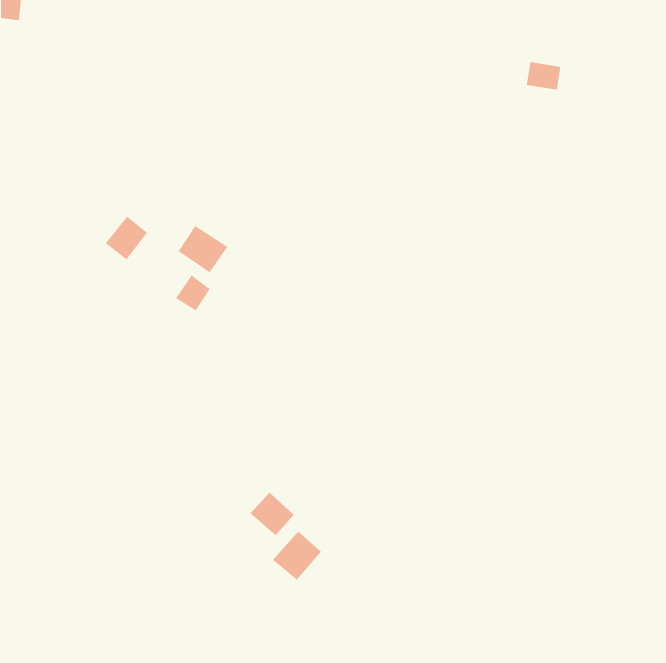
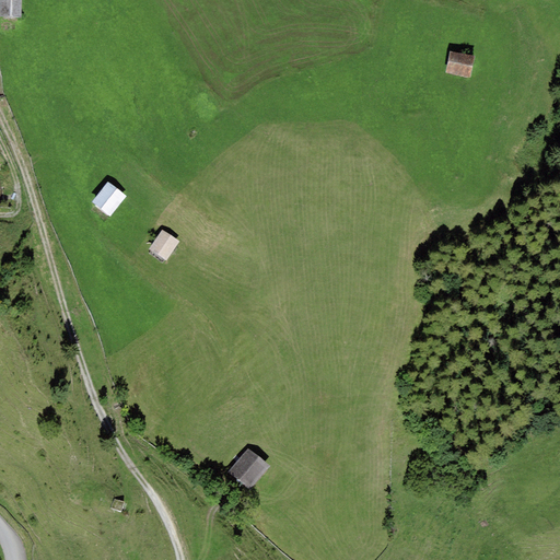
building: [178,225,228,273] -> none
building: [249,492,294,536] -> none

